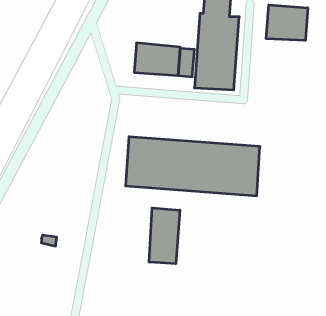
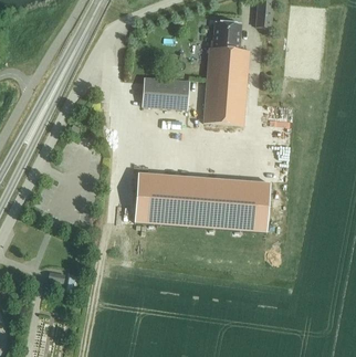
building: [266,5,308,40] -> none
building: [149,208,180,264] -> none

